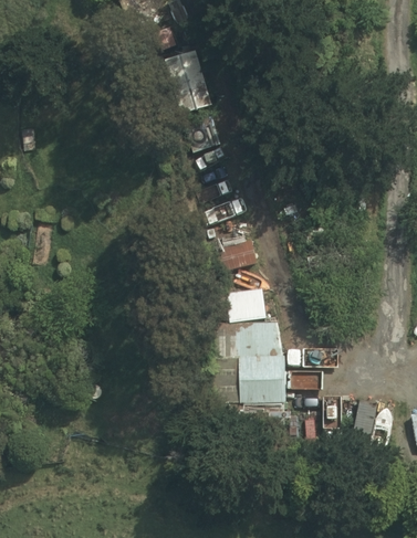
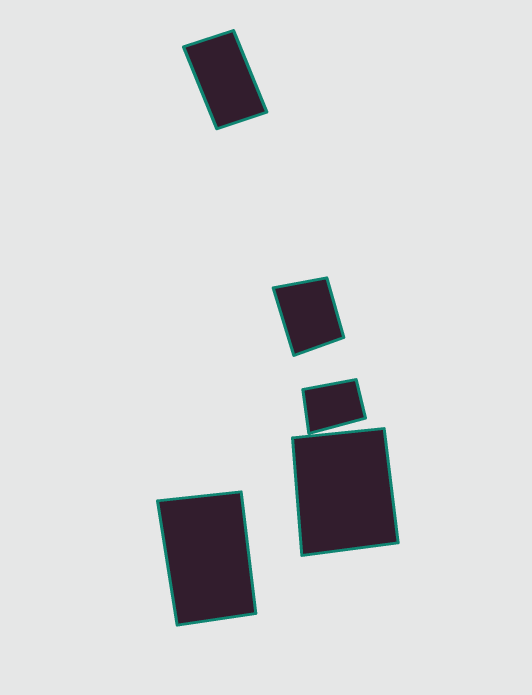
building: none -> [157,492,256,625]

